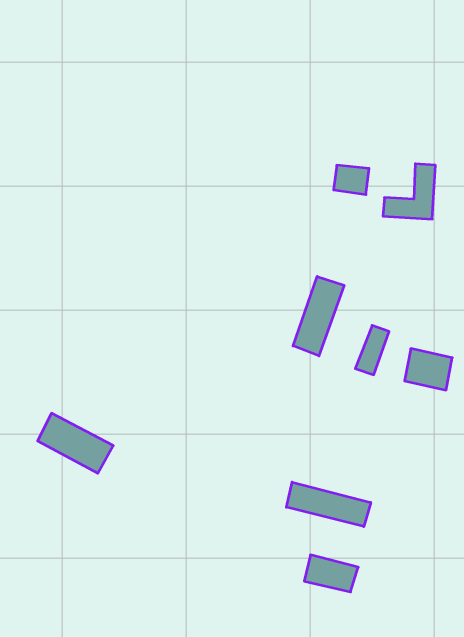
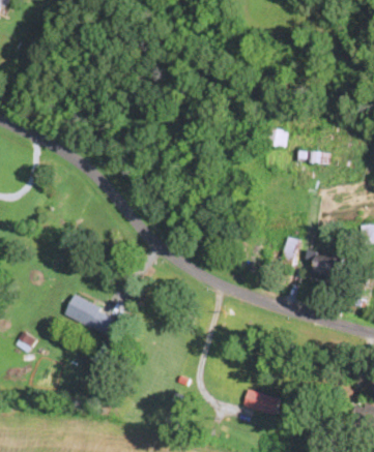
building: [293,276,344,356] -> none
building: [286,482,371,527] -> none

